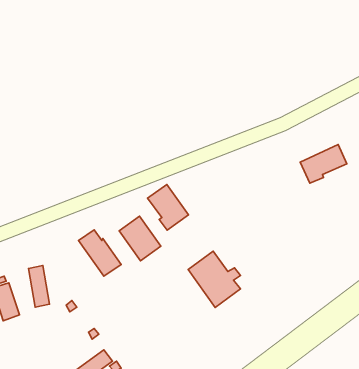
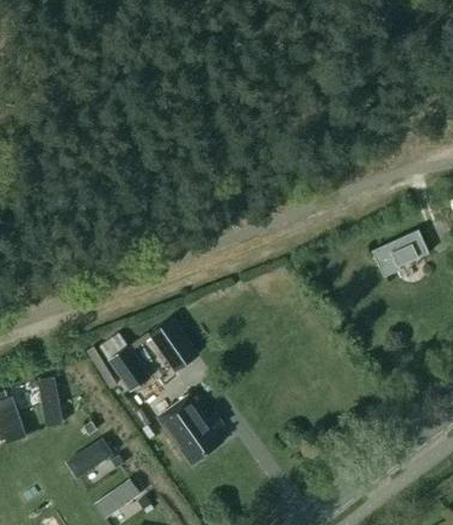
building: [148,184,188,230] -> none
building: [188,251,240,307] -> [157,393,222,462]
building: none -> [64,439,112,480]

